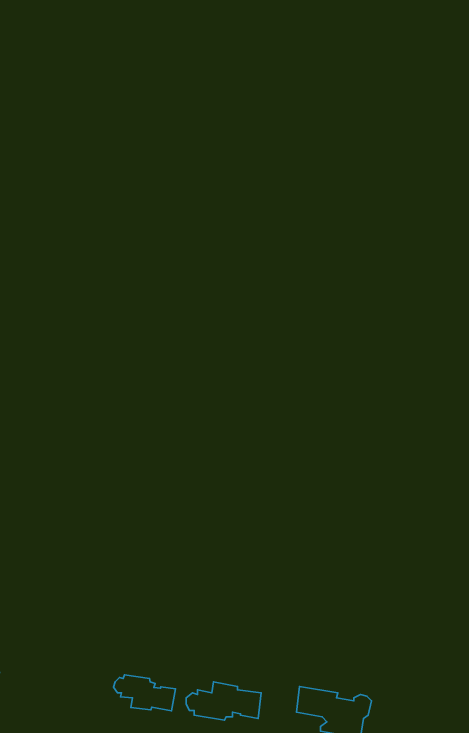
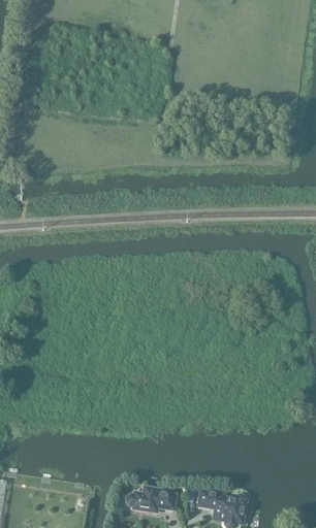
building: [114,675,176,711] -> none

